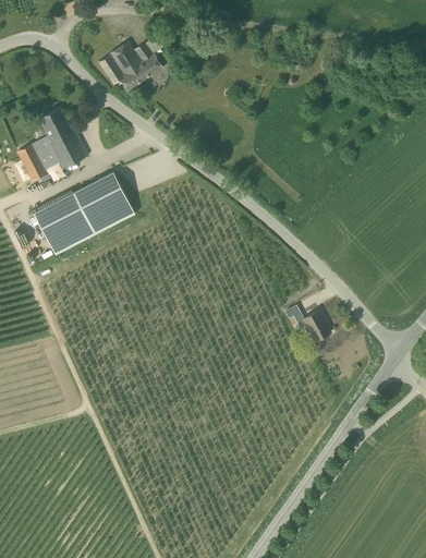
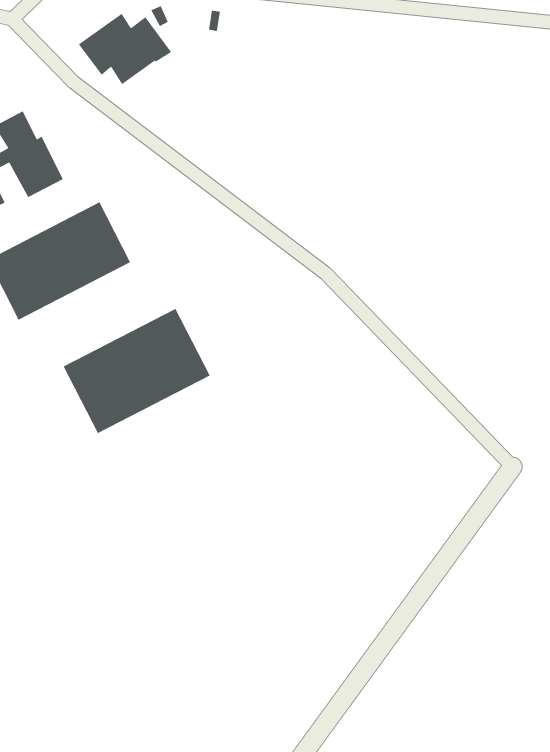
building: none -> [63,308,211,434]
building: [292,311,330,342] -> none

